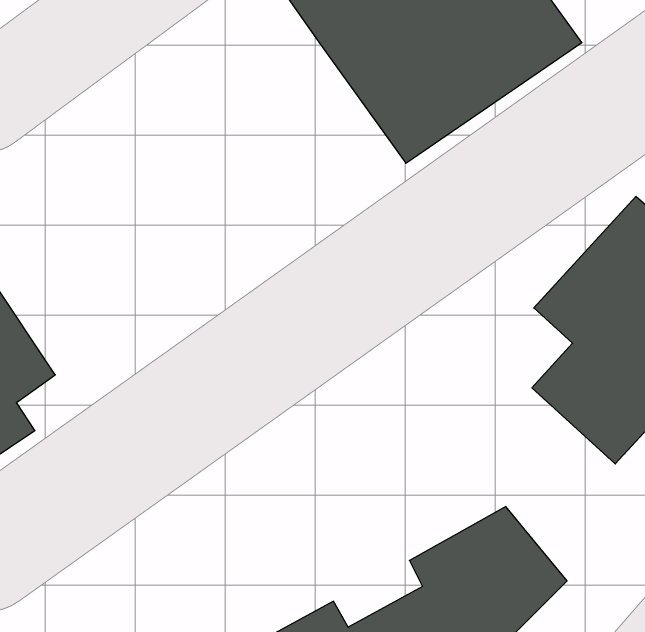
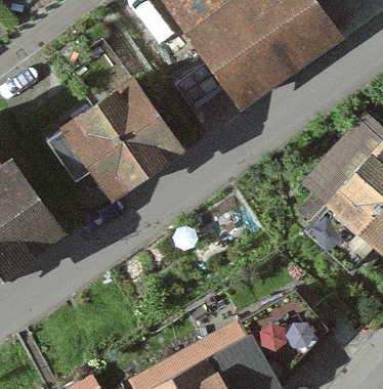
building: none -> [46,84,175,198]

